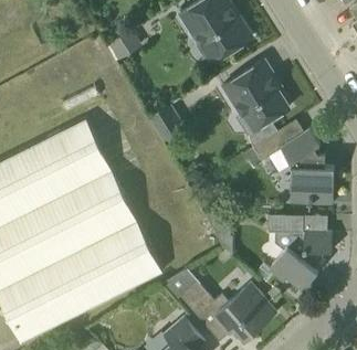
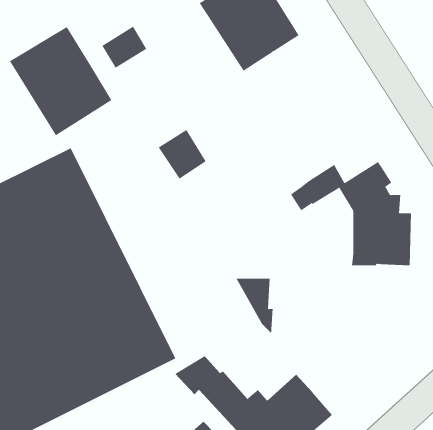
building: none -> [9,26,112,136]
building: [222,60,290,147] -> none
building: [267,214,332,289] -> none

